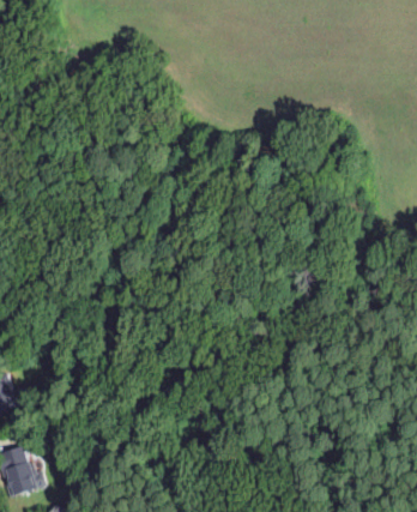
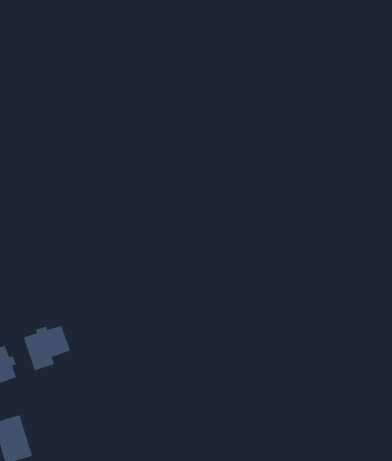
building: none -> [23,325,71,371]

